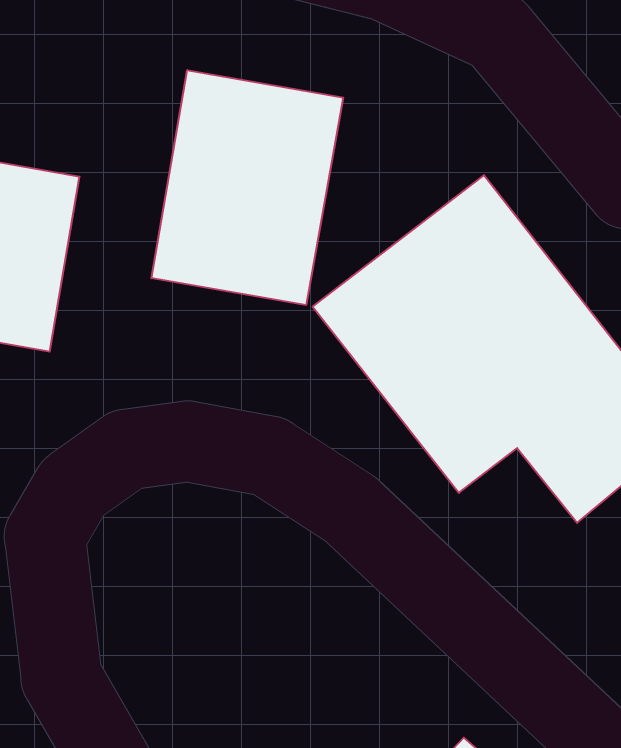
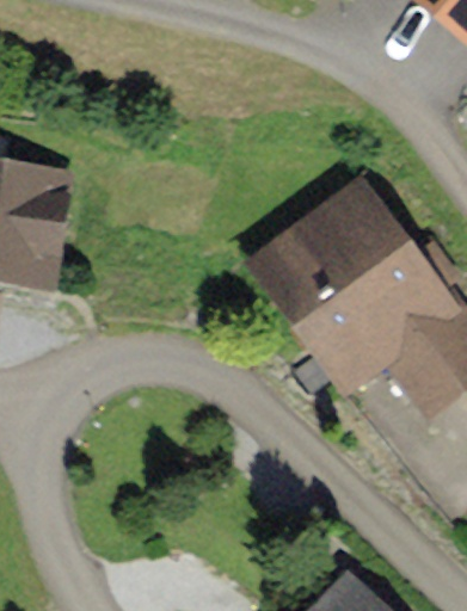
building: [151,70,343,305] -> none

